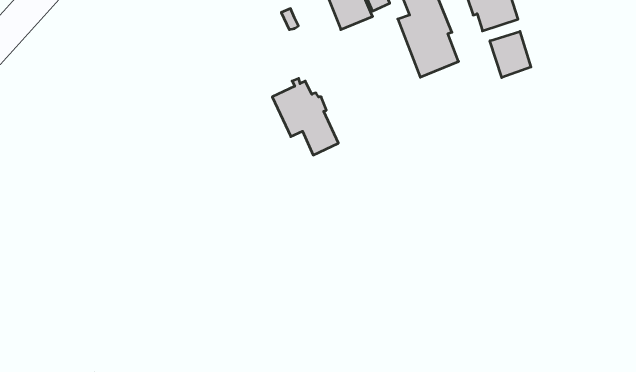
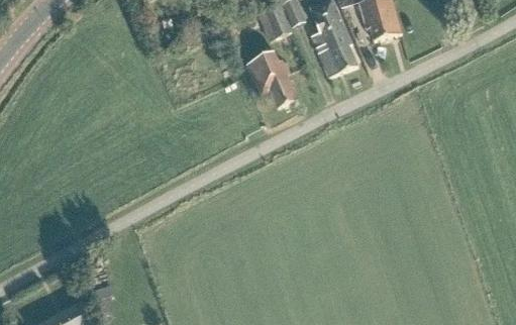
building: [490,31,531,78] -> none
building: [272,78,338,155] -> [246,48,297,107]

